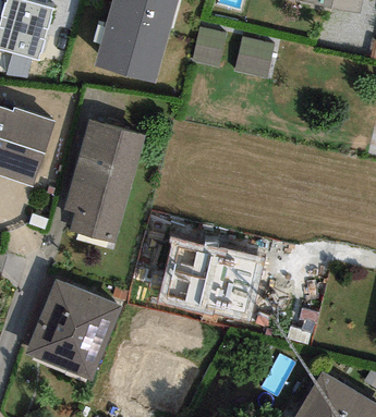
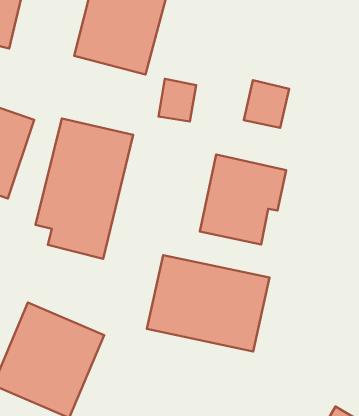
building: [194,28,227,65] -> [159,79,196,121]
building: [234,36,274,77] -> [244,80,289,128]
building: none -> [200,155,286,244]

